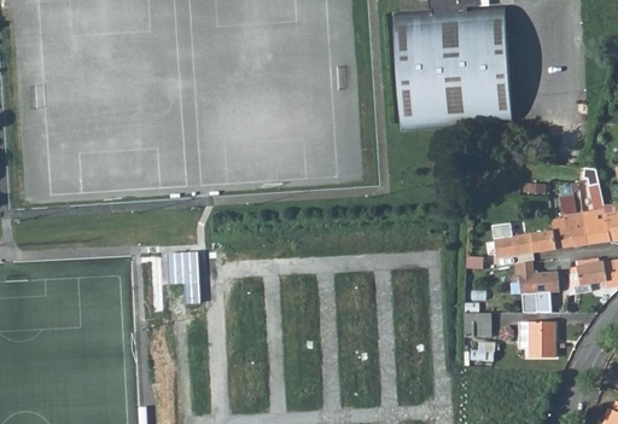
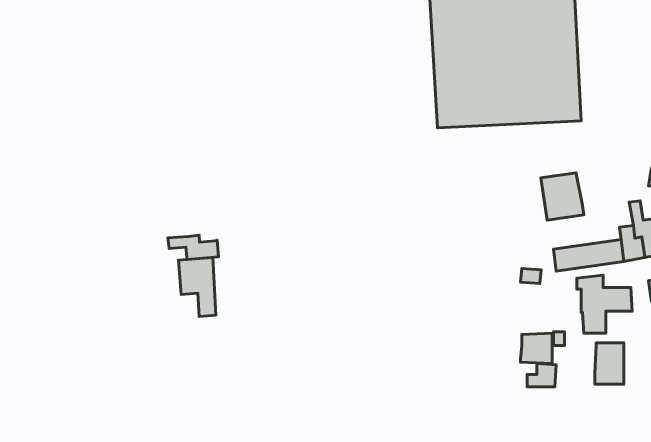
building: none -> [541,173,584,220]
building: none -> [168,235,218,259]

